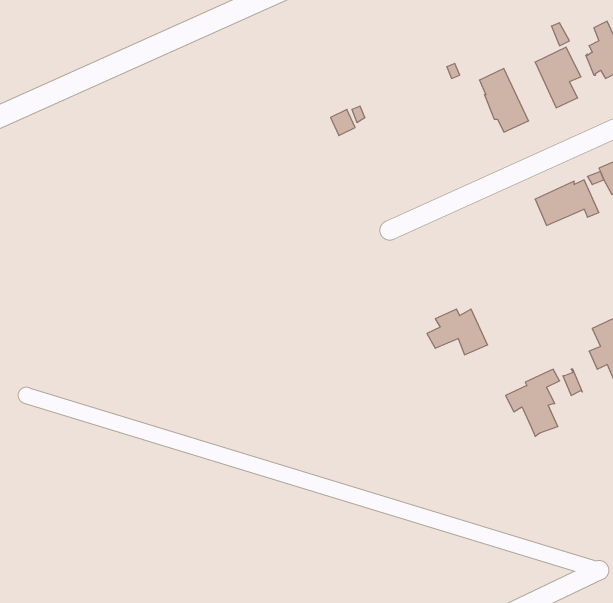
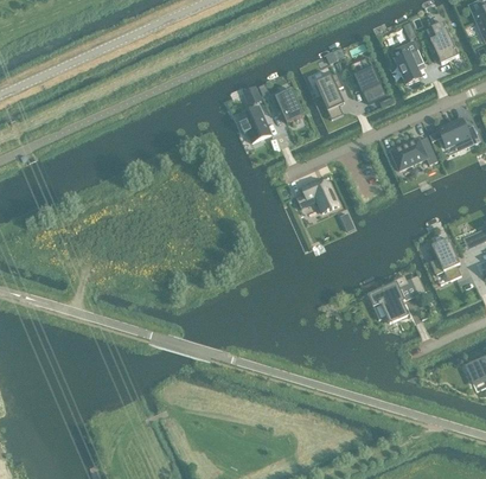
building: none -> [315,71,343,108]
building: none -> [268,88,303,122]
building: none -> [238,106,270,142]
building: [427,309,488,355] -> [294,179,338,212]

